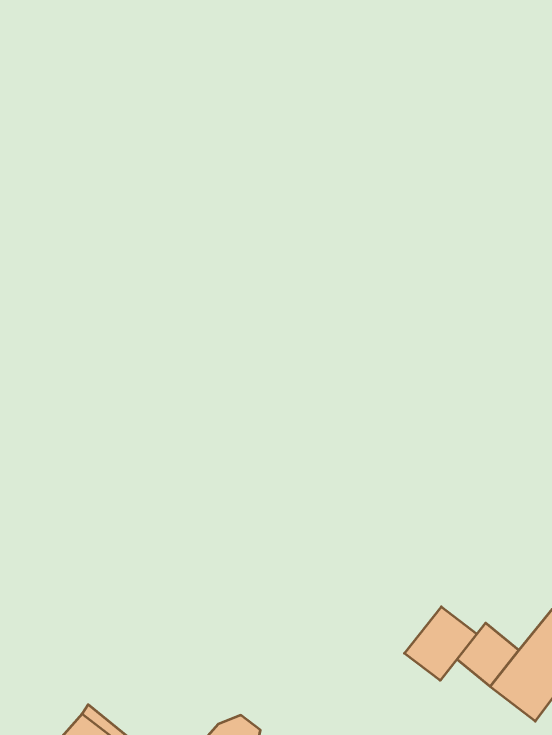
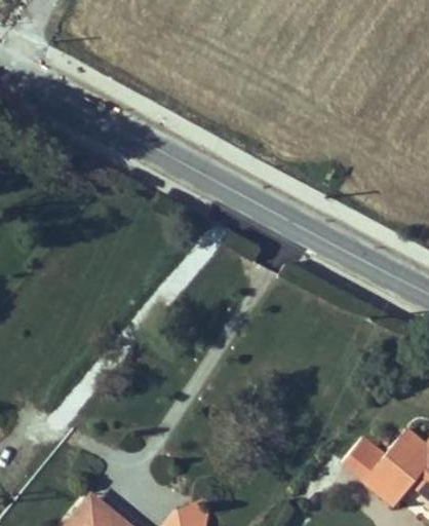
building: [404,607,477,680] -> none

